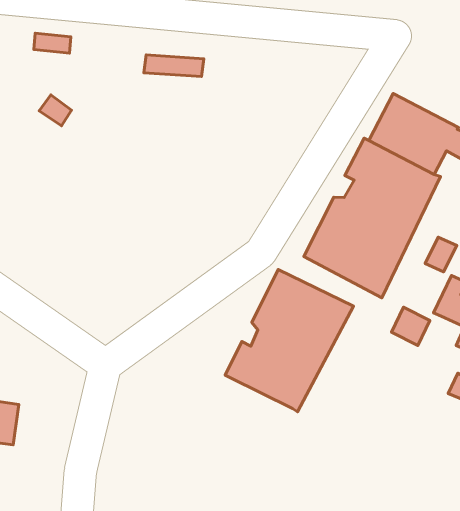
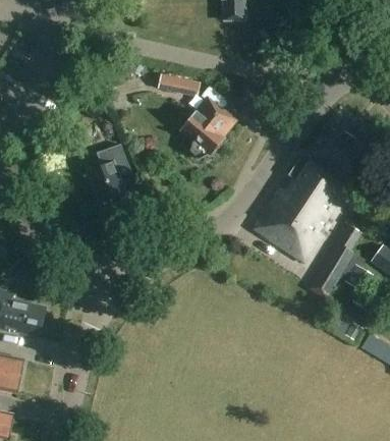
building: none -> [181,88,233,158]
building: none -> [87,145,127,203]
building: [225,270,354,412] -> none

